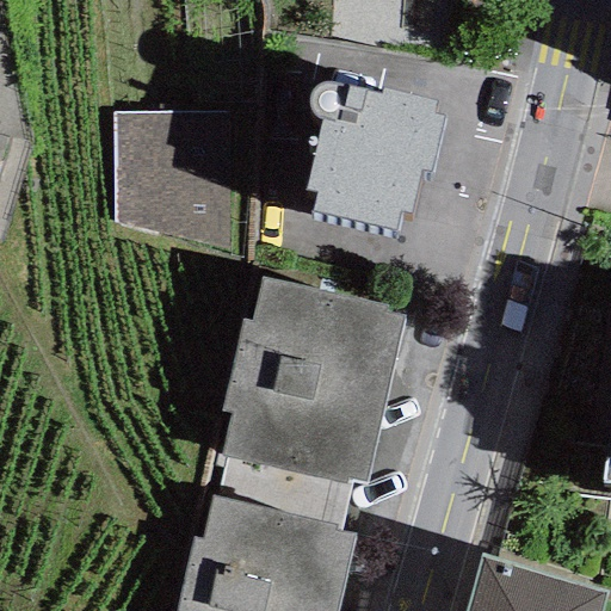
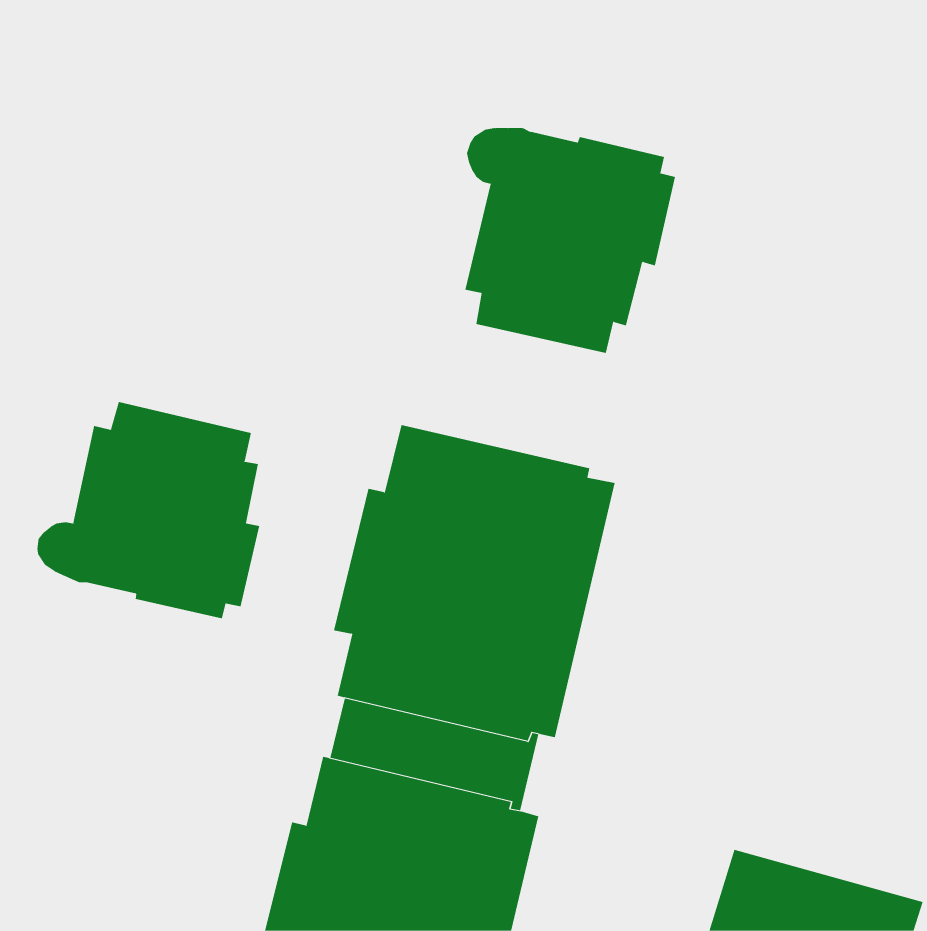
building: [116,111,230,254] -> none
building: none -> [37,401,260,619]

